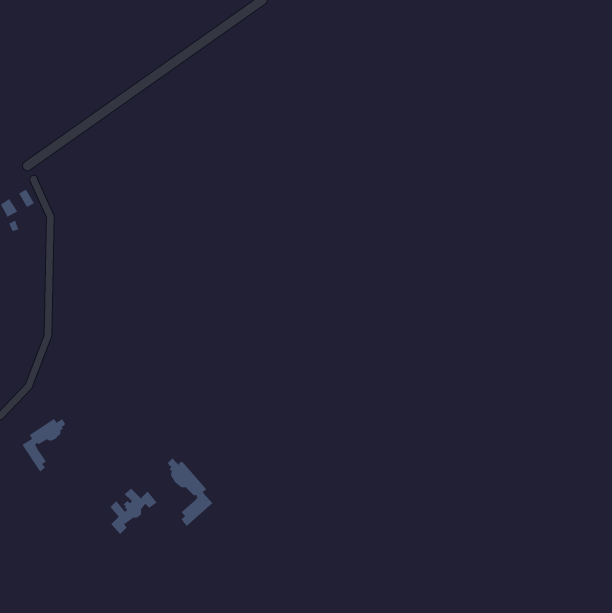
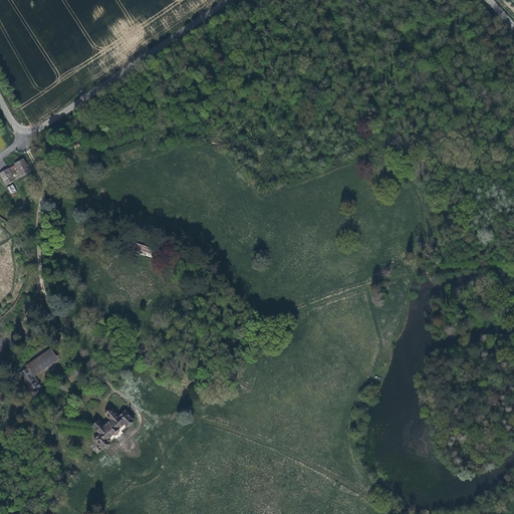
building: [167,458,213,527] -> none

